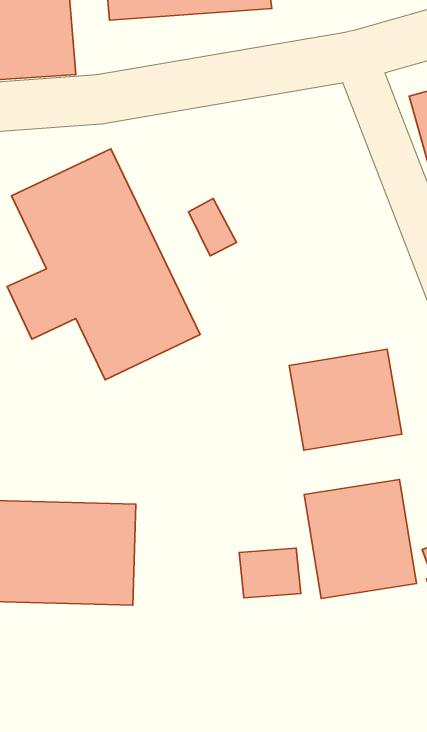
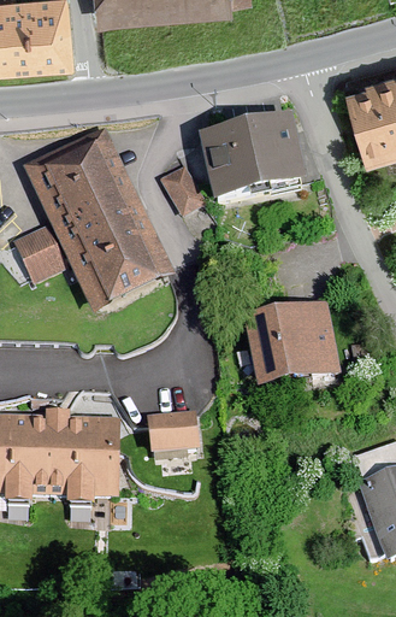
building: none -> [200,104,307,190]
building: [304,480,416,599] -> none
building: [239,548,301,598] -> [147,415,197,456]

